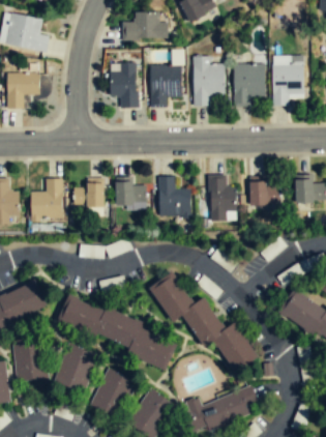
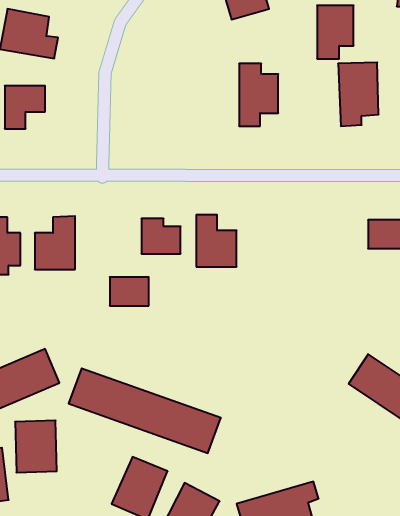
building: [122,11,168,40] -> none
building: [111,62,139,108] -> none
building: [235,64,264,107] -> [317,5,354,59]
building: [150,65,181,106] -> none
building: [209,175,237,221] -> none
building: [249,181,281,205] -> none
building: [75,183,106,206] -> [110,277,149,306]
building: [150,272,260,374] -> none
building: [58,346,98,391] -> none

